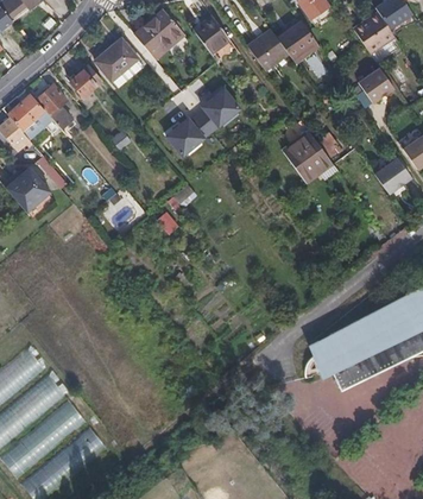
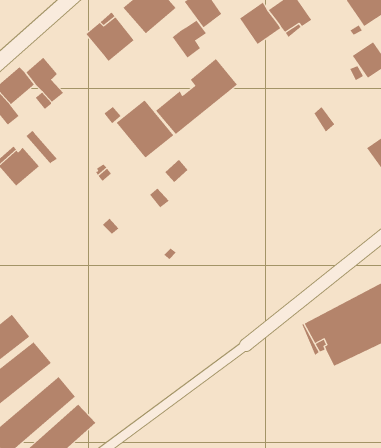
building: none -> [172,20,207,58]
building: [69,64,103,97] -> none
building: [284,120,337,181] -> none
building: none -> [116,99,174,158]

